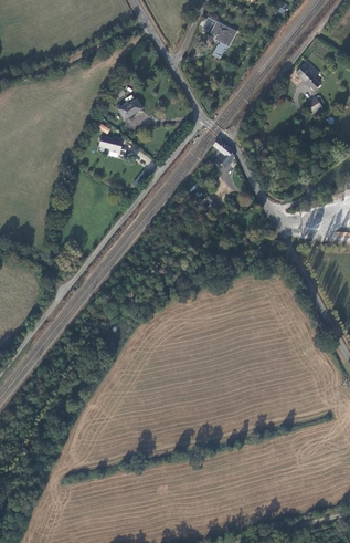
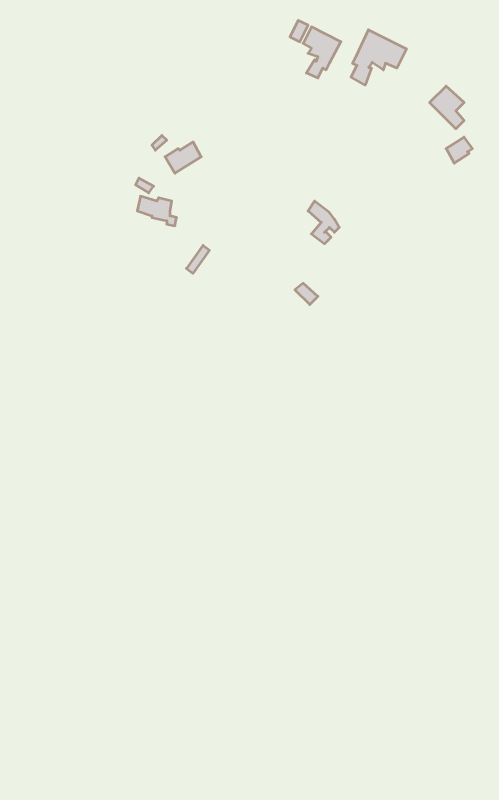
building: none -> [351,30,406,85]

